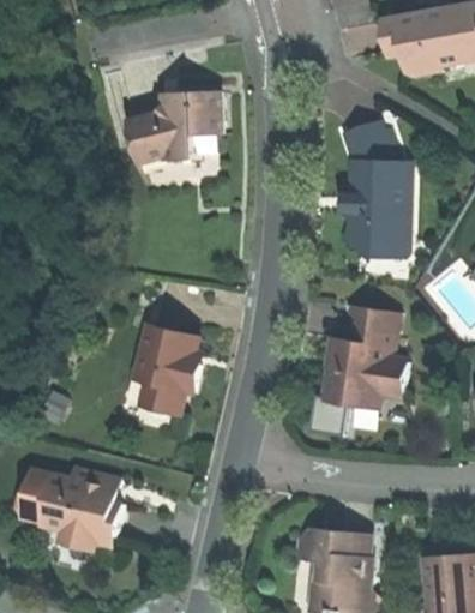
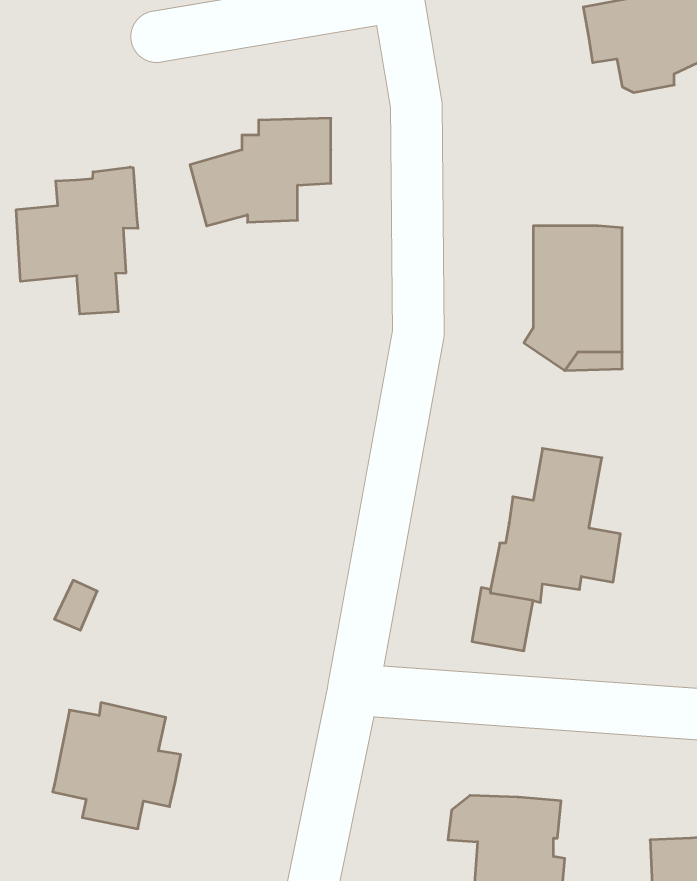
building: [343,121,391,161] -> none
building: none -> [16,167,138,314]
building: [133,325,199,413] -> none
building: [14,470,49,522] -> none

